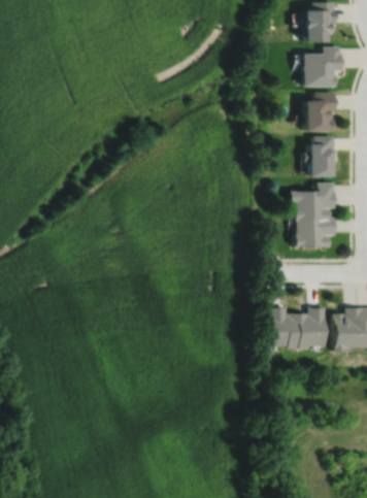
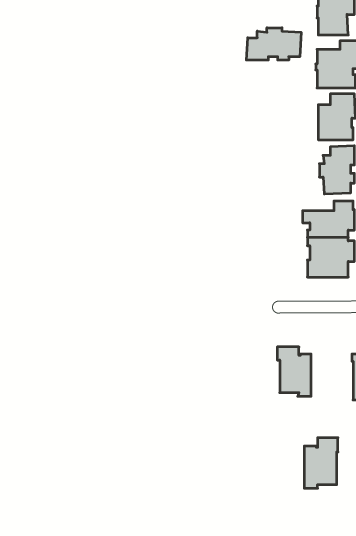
building: none -> [246,28,301,60]
building: [299,306,328,350] -> [304,438,338,488]

